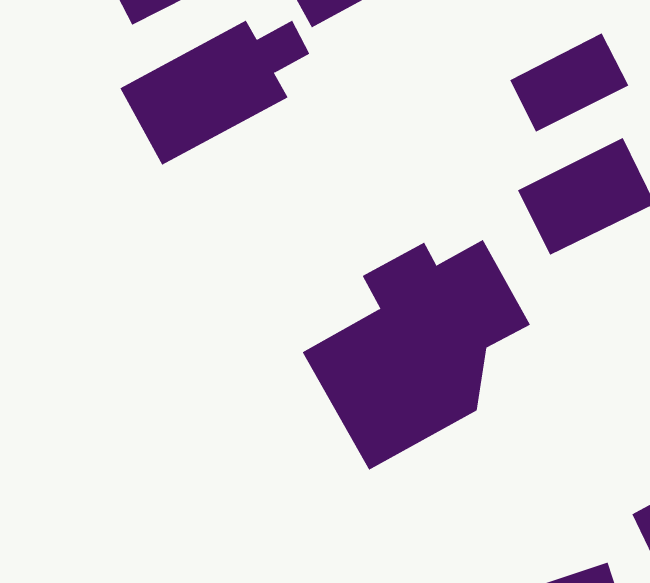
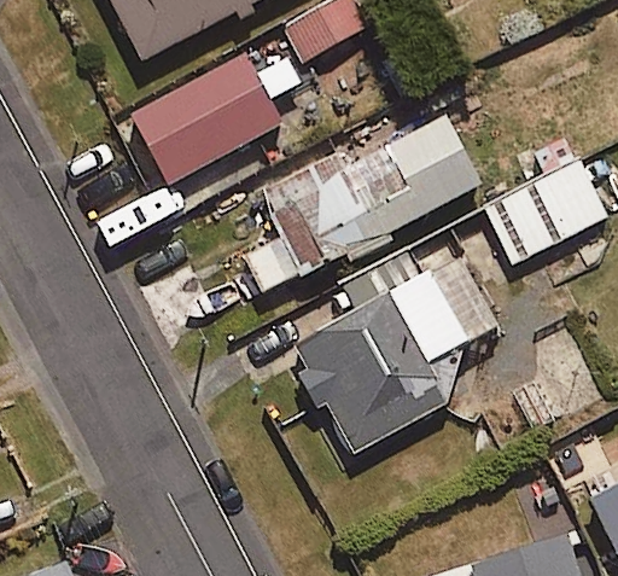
building: [509,32,629,132] -> none
building: none -> [244,114,480,295]

